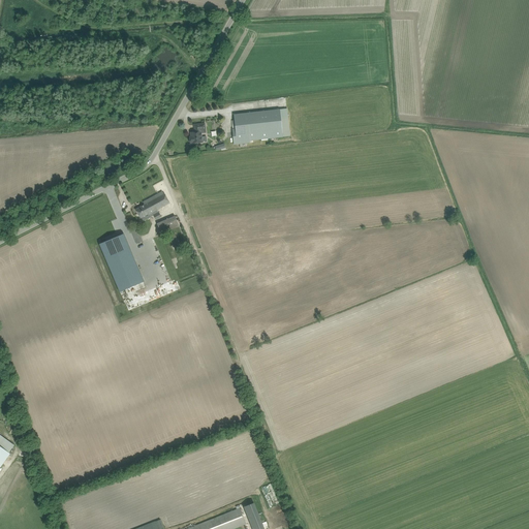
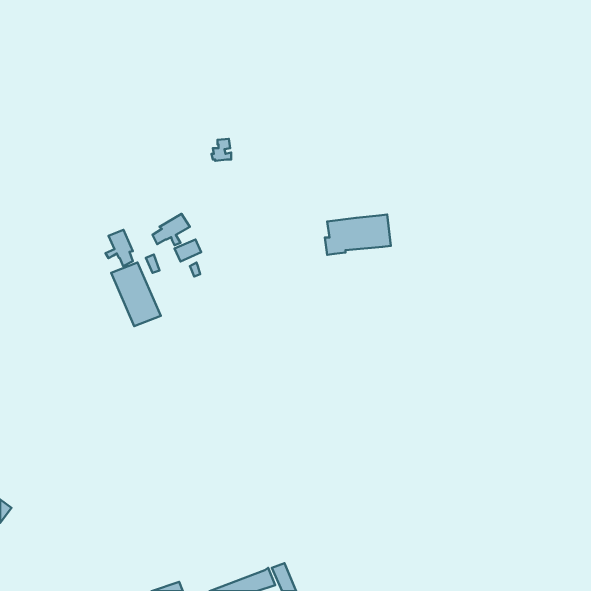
building: [231,108,290,145] -> [325,214,391,255]
building: none -> [106,230,133,266]

